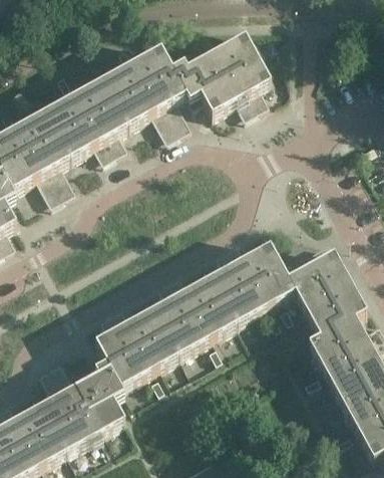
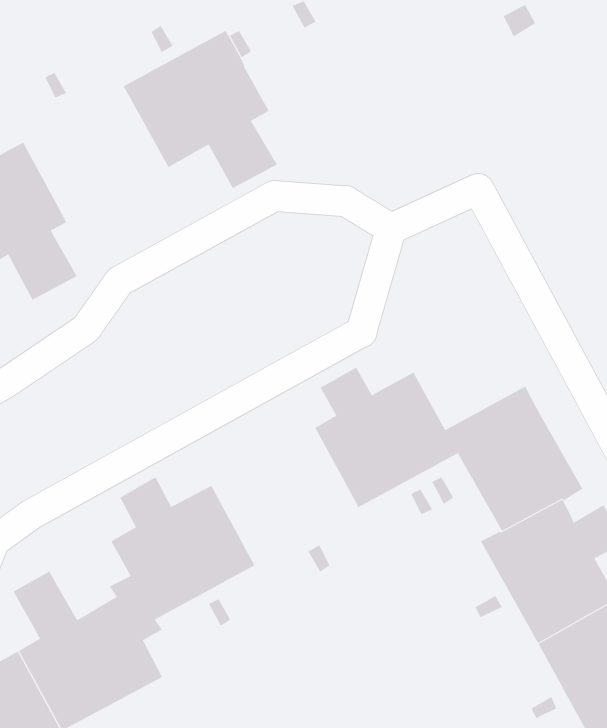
building: [172,32,271,112] -> none
building: [45,76,128,157] -> none
building: [153,269,238,352] -> none

